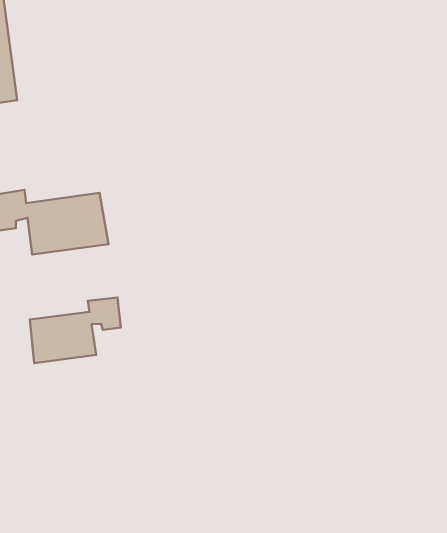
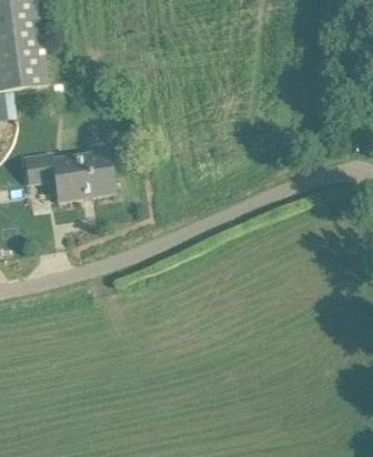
building: [30,298,121,363] -> none

